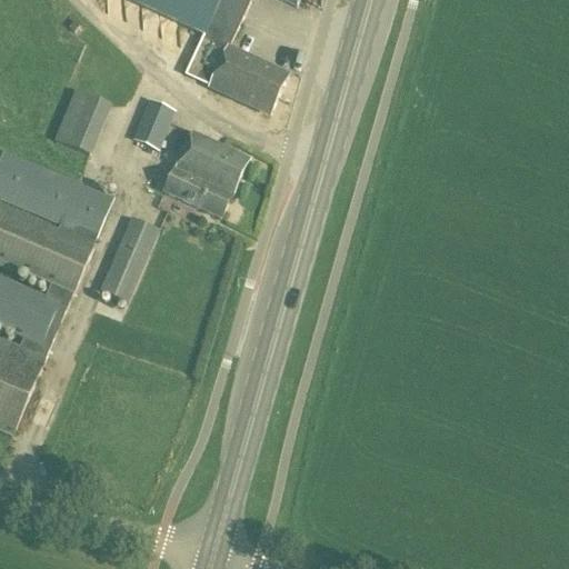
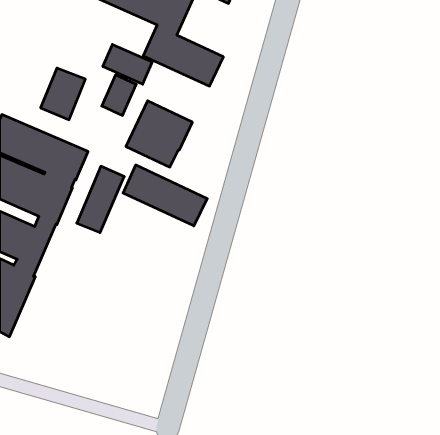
building: none -> [103,44,152,84]
building: none -> [123,165,207,226]

